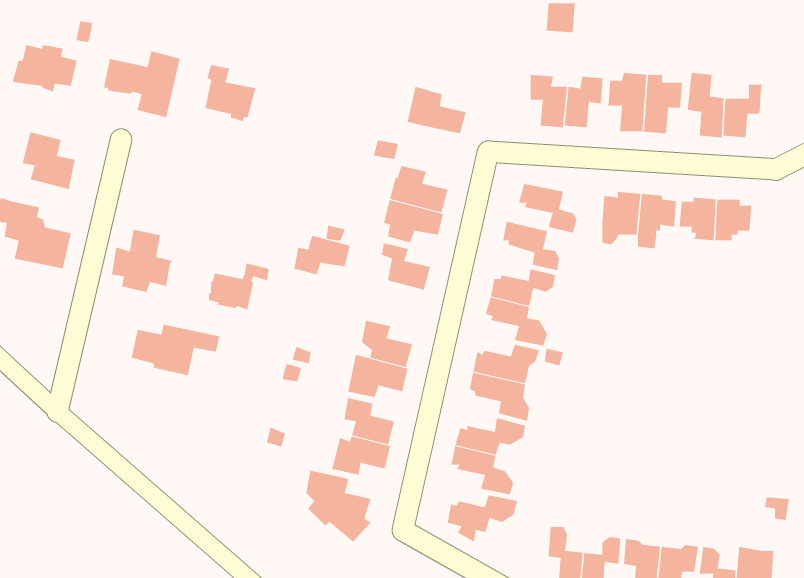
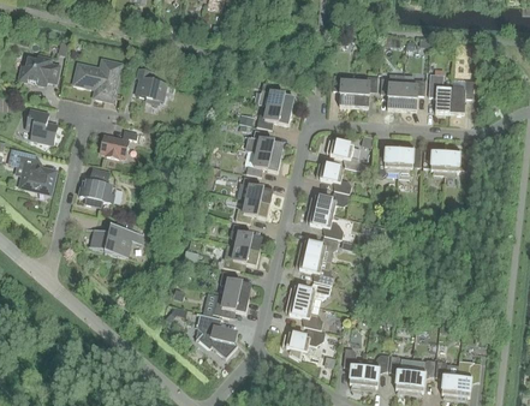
building: none -> [256,105,292,129]
building: [293,235,351,275] -> [236,198,270,222]
building: [208,263,270,311] -> [101,129,138,157]

